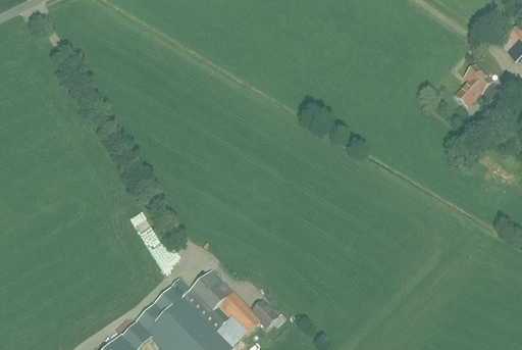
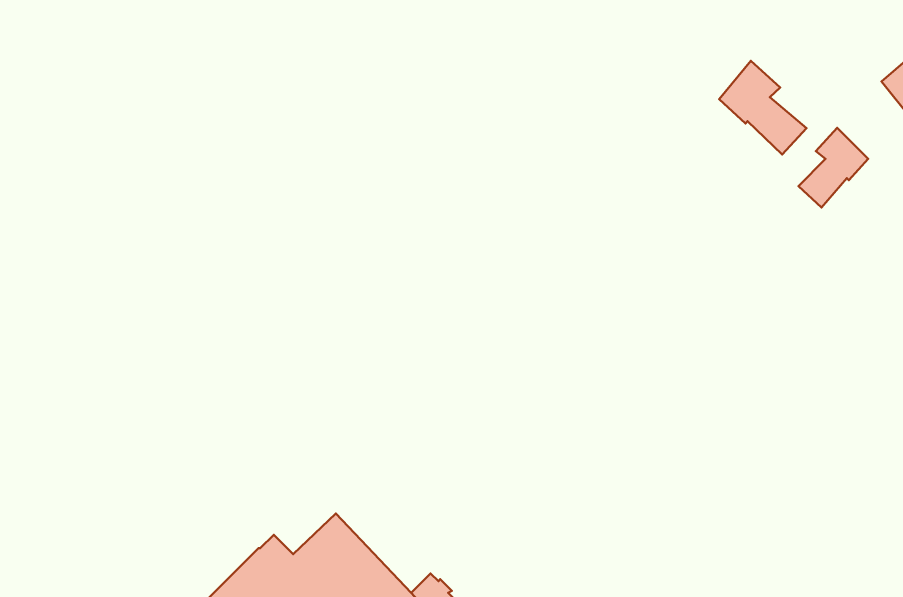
building: none -> [719,61,806,155]

